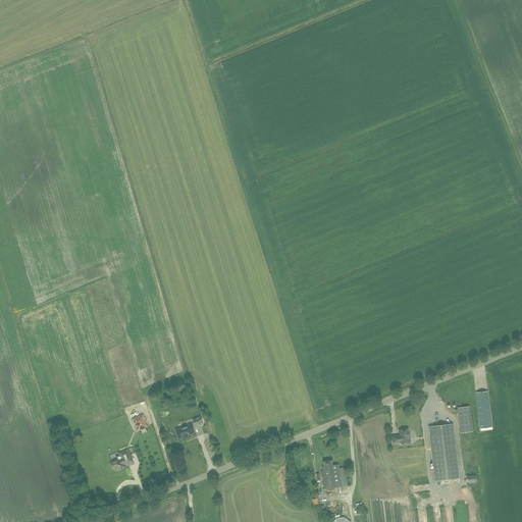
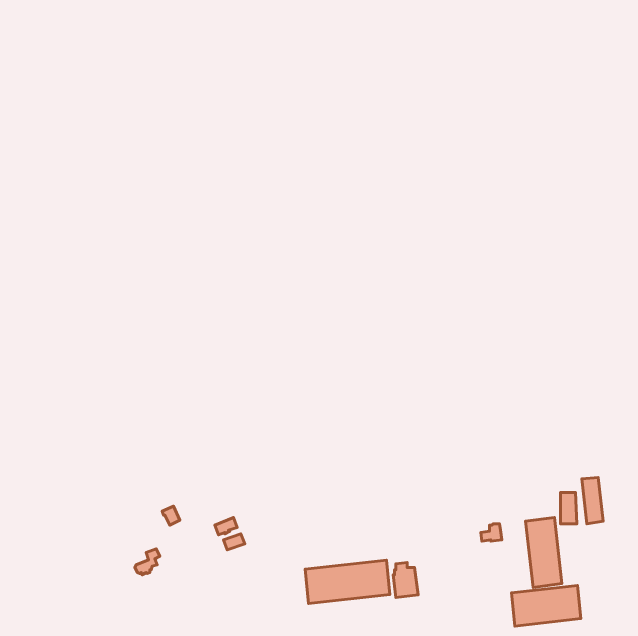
building: none -> [305,560,390,603]
building: none -> [511,585,581,626]

